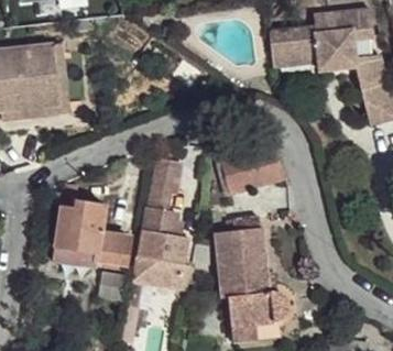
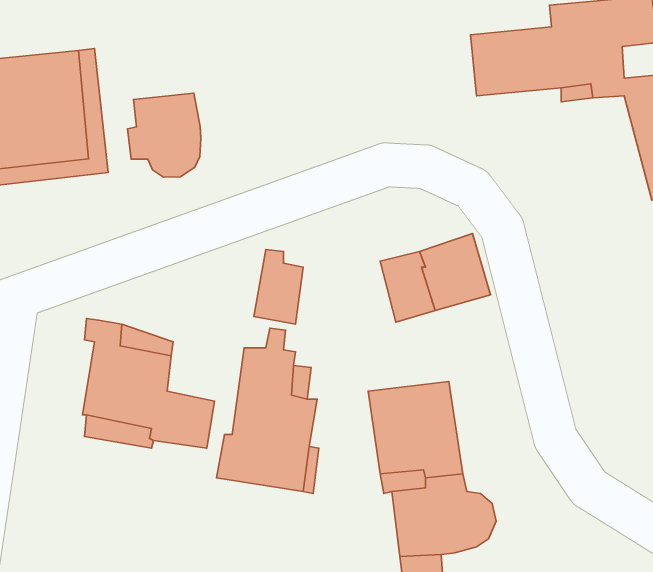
building: none -> [127,93,201,177]

